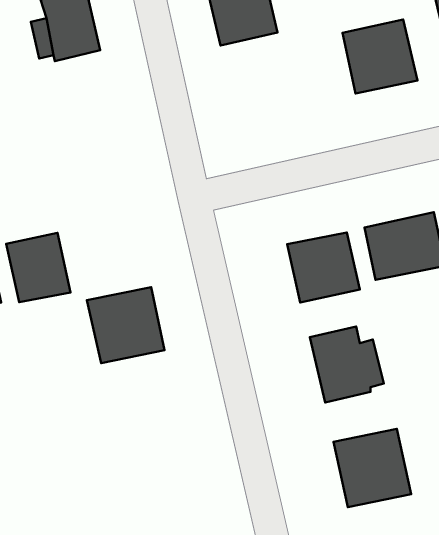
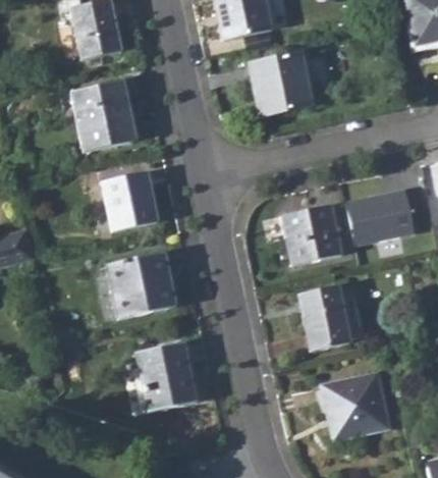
building: [342,20,417,93] -> [249,56,313,119]
building: none -> [72,79,135,149]
building: [6,233,70,302] -> [102,169,157,228]
building: none -> [124,342,196,411]

